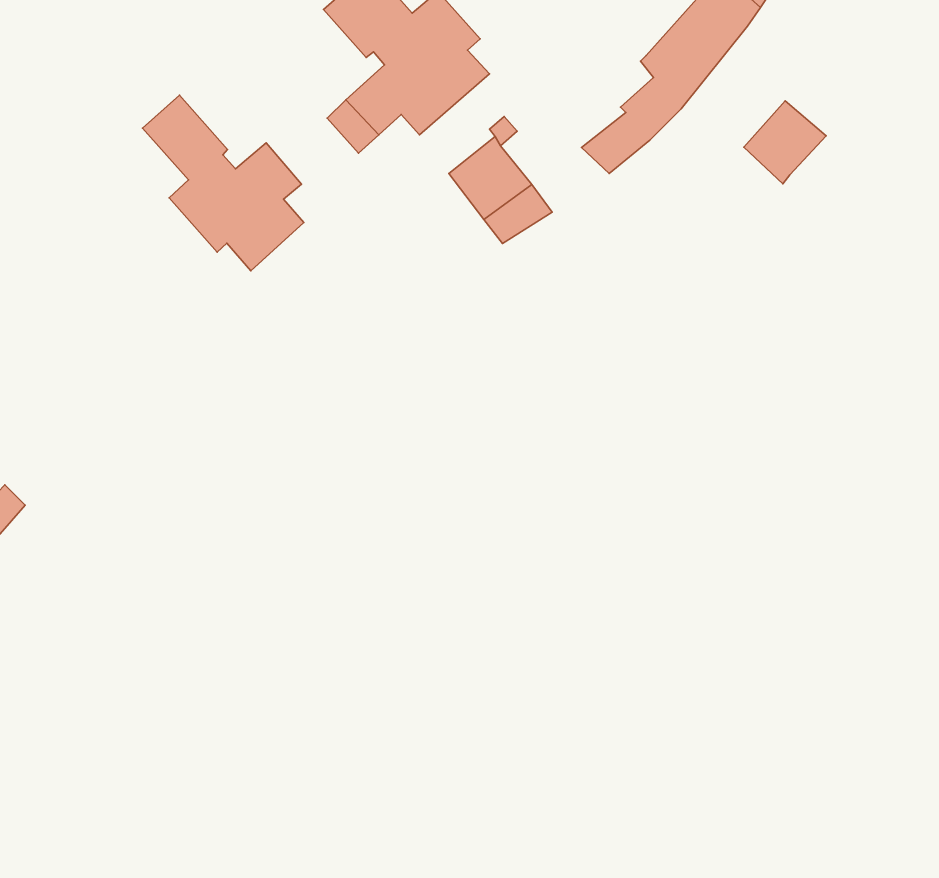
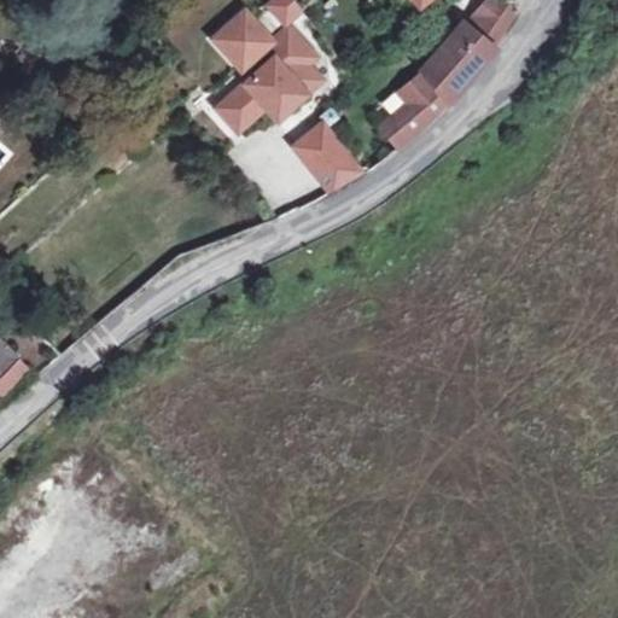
building: [142,95,304,271] -> none
building: [744,101,826,184] -> none

